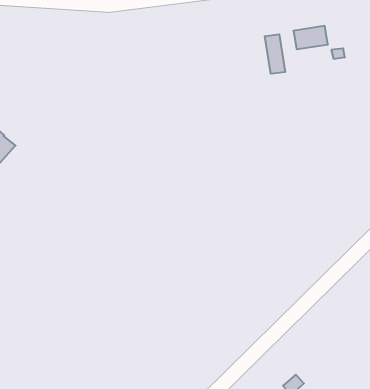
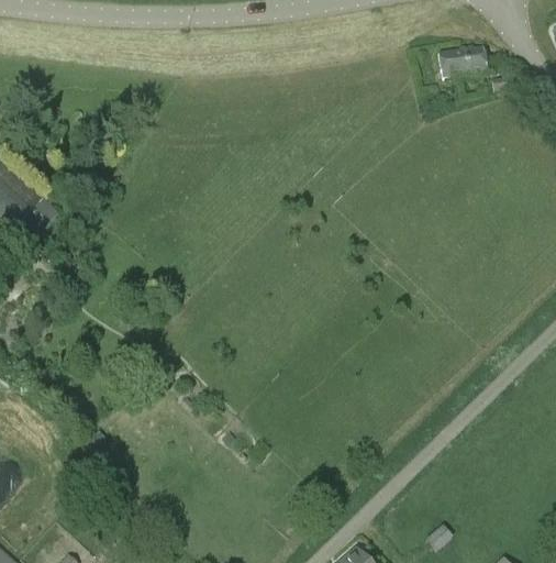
building: [265,34,285,74] -> none

